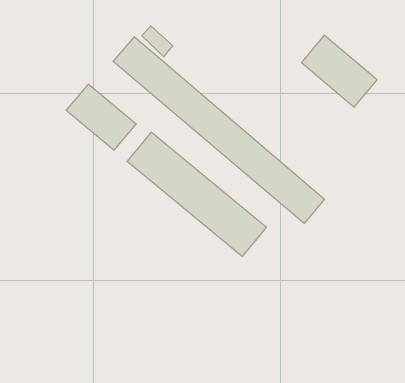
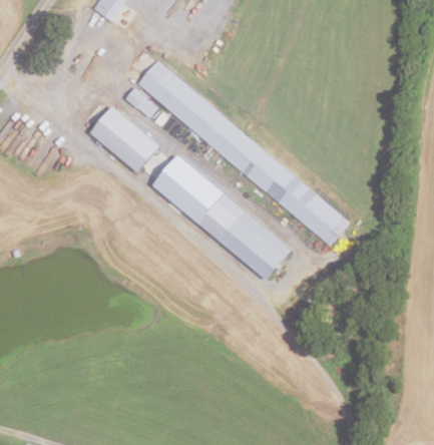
building: [142,26,173,57] -> [126,87,157,118]
building: [301,35,377,107] -> none

